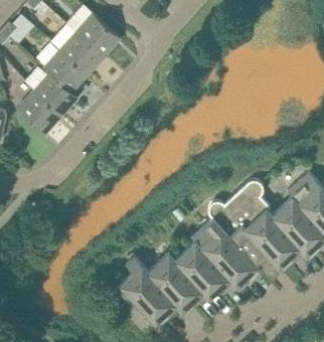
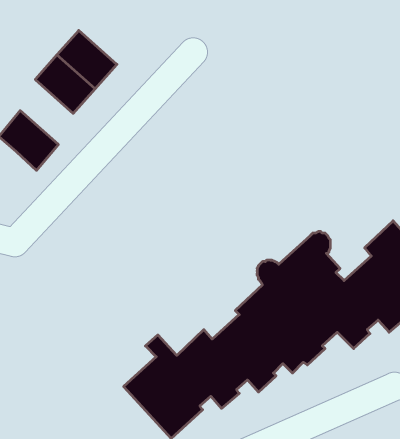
building: [75,13,120,56] -> none
building: [23,66,76,116] -> none

